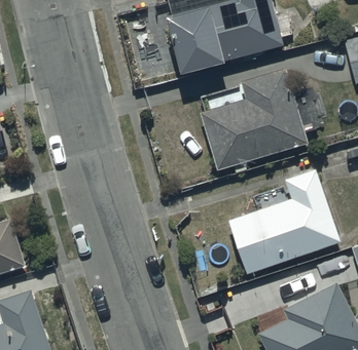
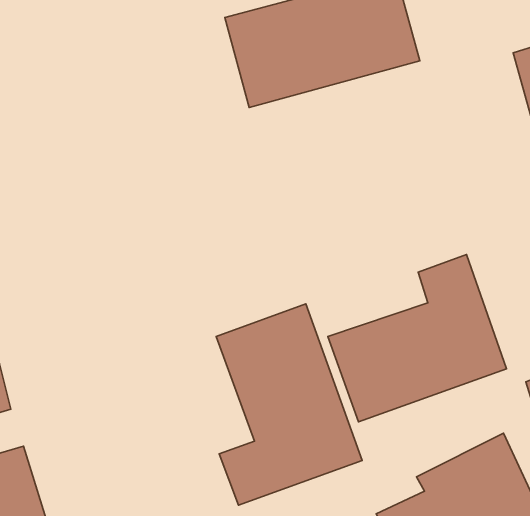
building: [199,68,309,170] -> none
building: none -> [216,304,362,505]

